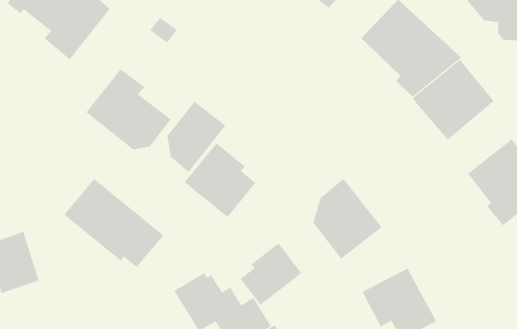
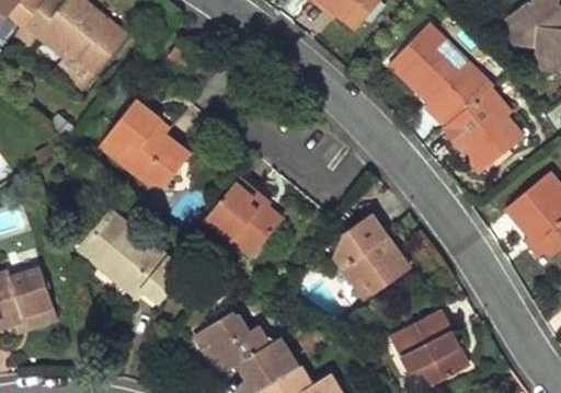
building: [167,101,226,173] -> none
building: [240,243,302,305] -> none

